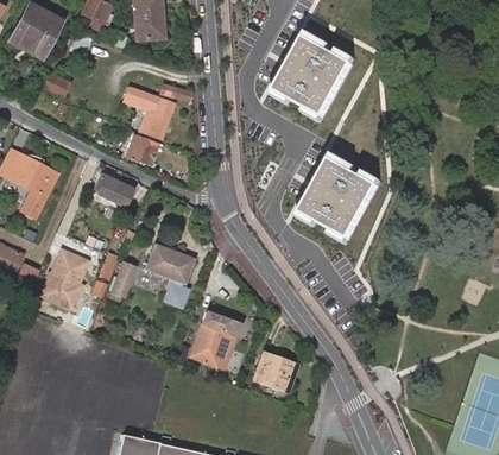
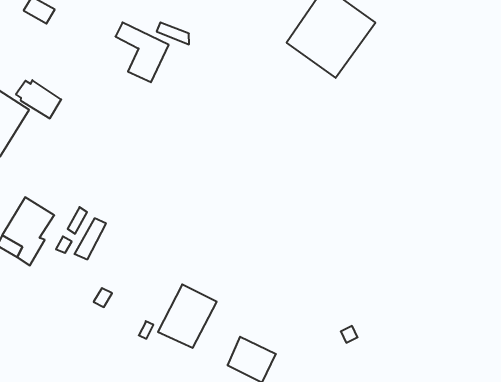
building: [127,134,159,162] -> none
building: [303,159,378,238] -> none
building: [93,173,133,206] -> [16,80,61,118]
building: [146,244,195,307] -> none

